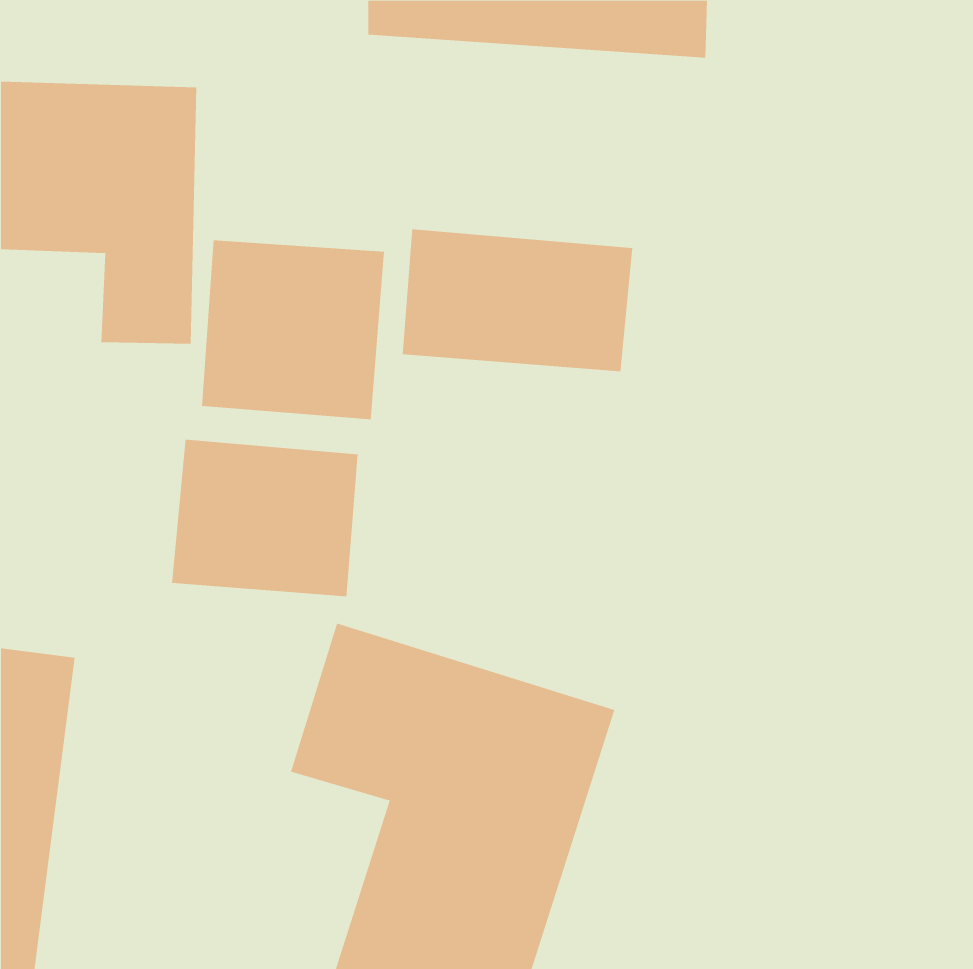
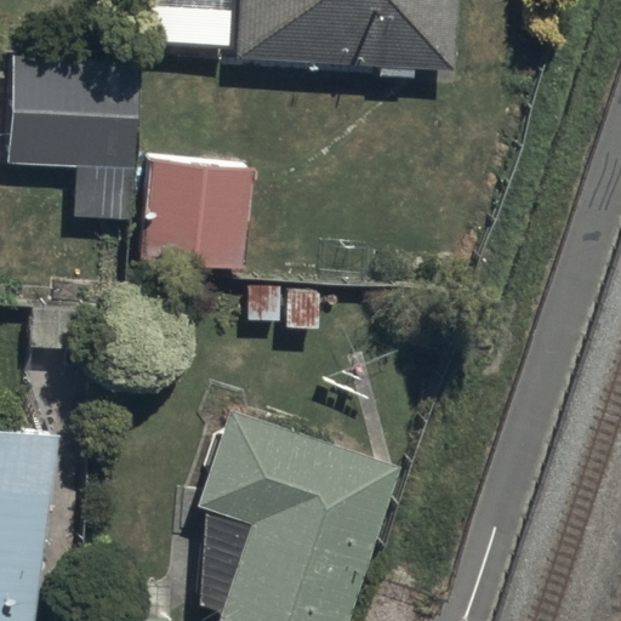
building: [402,228,633,372] -> none
building: [171,439,358,597] -> none

